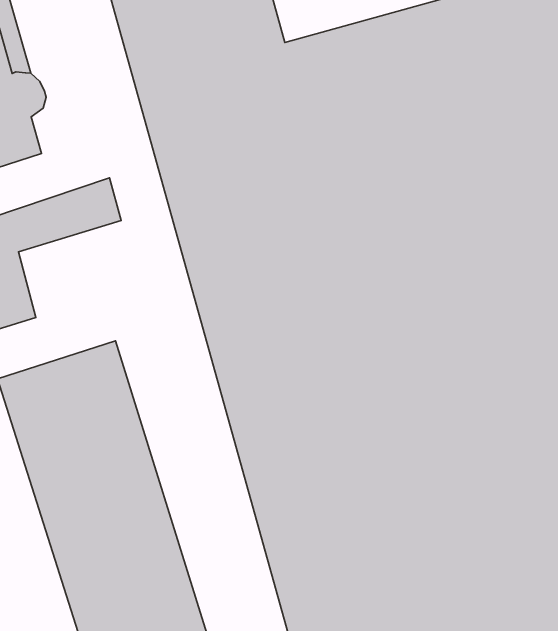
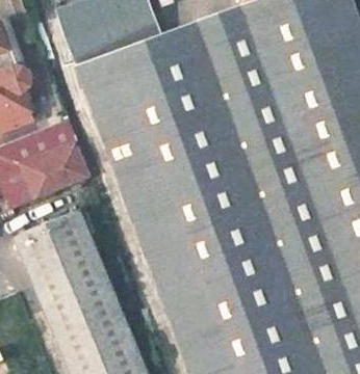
building: none -> [22,141,89,198]

